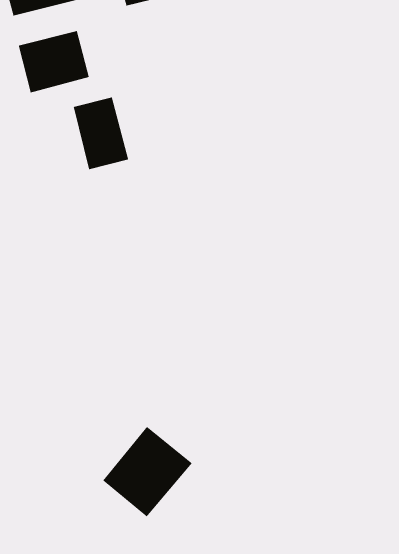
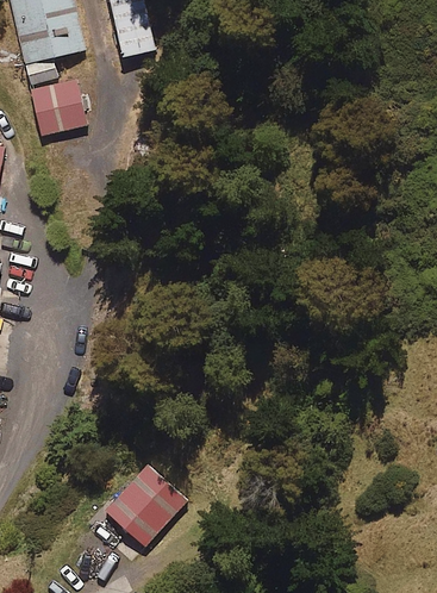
building: [73,97,129,170] -> none

